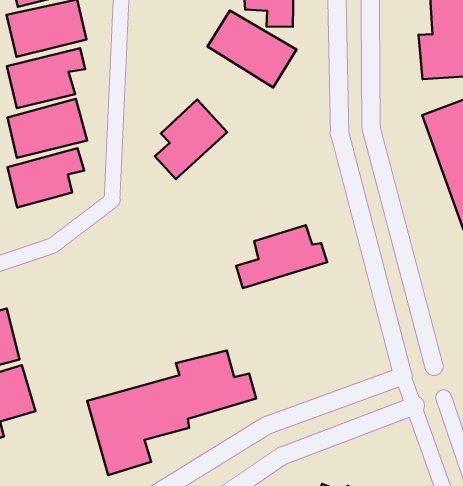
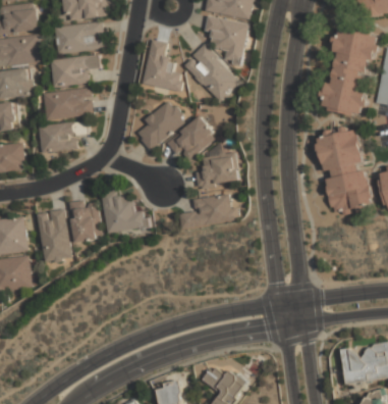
building: none -> [142,39,183,90]
building: none -> [167,116,217,163]
building: none -> [195,154,238,187]
building: [87,350,256,475] -> [36,193,147,262]

